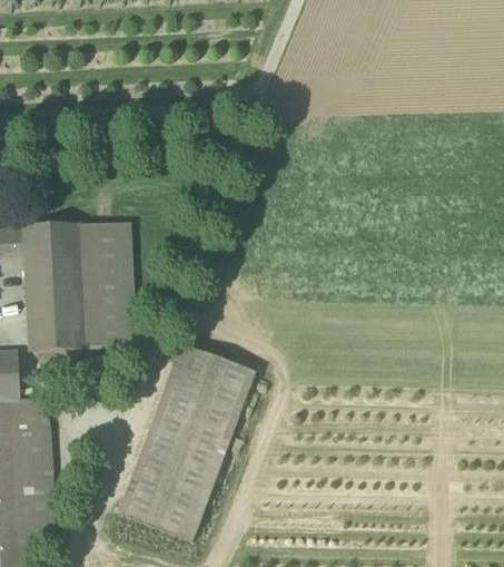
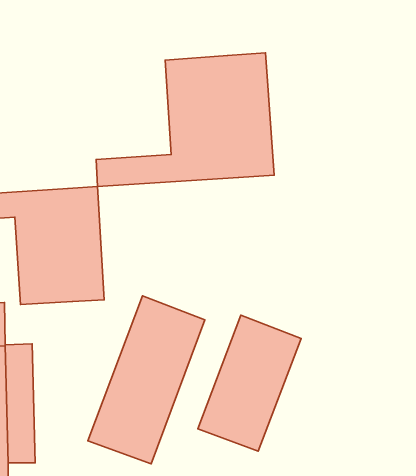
building: none -> [96,53,274,187]
building: none -> [198,315,301,451]

